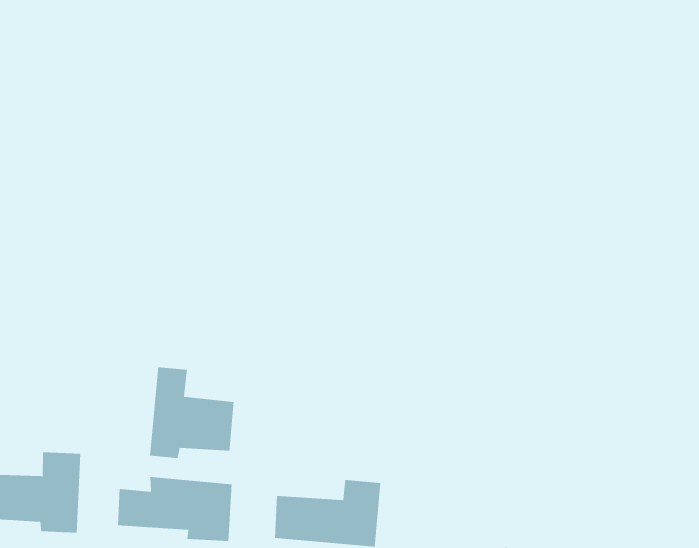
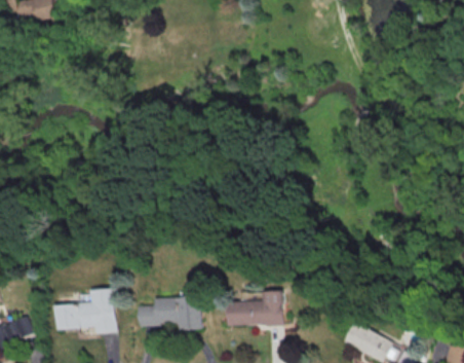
building: [150,366,234,459] -> none

